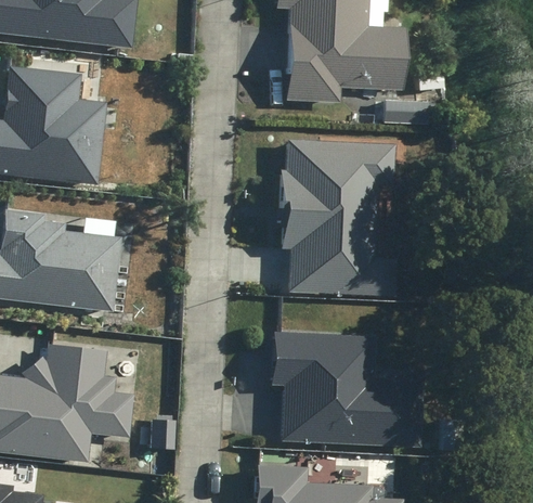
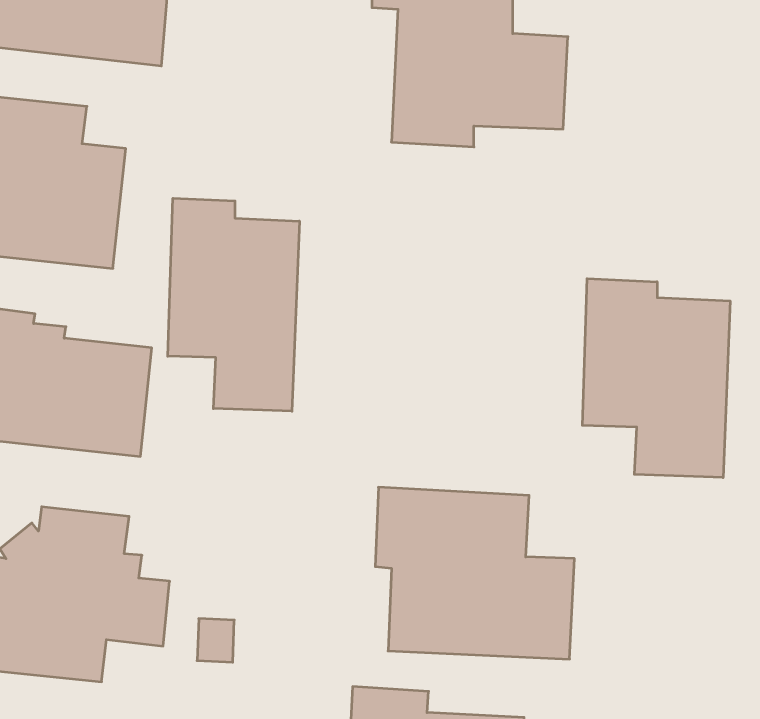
building: none -> [168,198,299,411]
building: [281,139,395,296] -> none
building: none -> [582,279,730,478]

